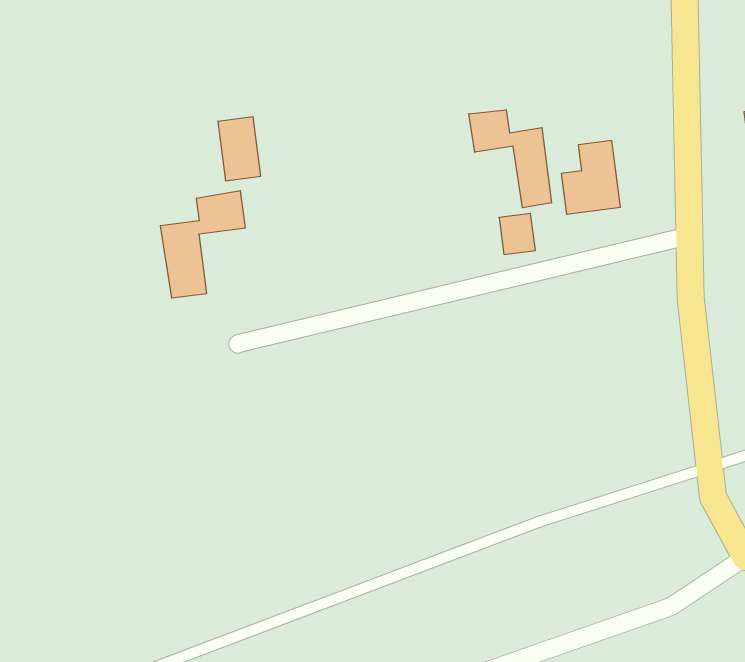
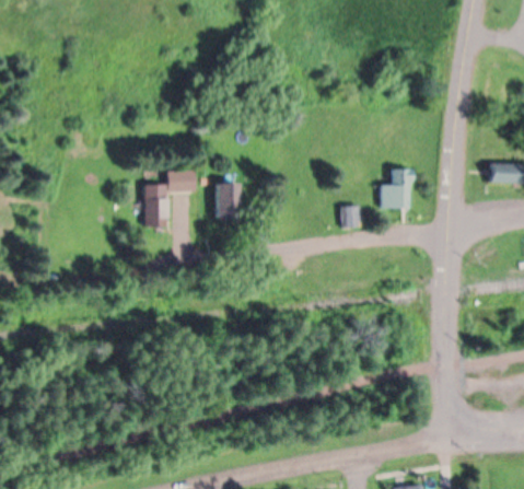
building: [469,110,552,208] -> none
building: [218,117,261,181] -> [216,184,236,219]

